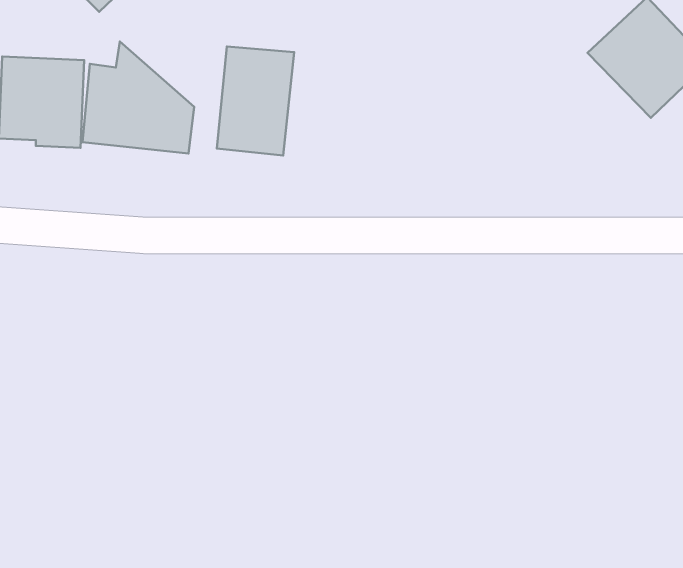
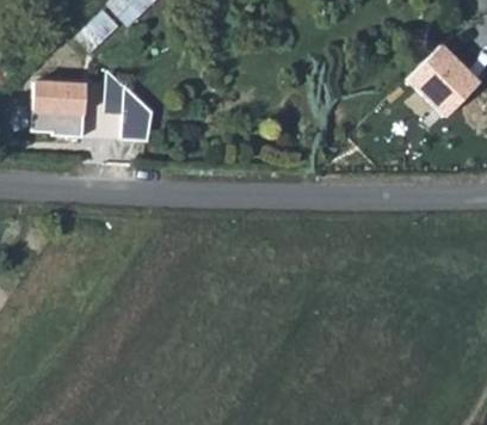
building: [217,47,294,156] -> none

